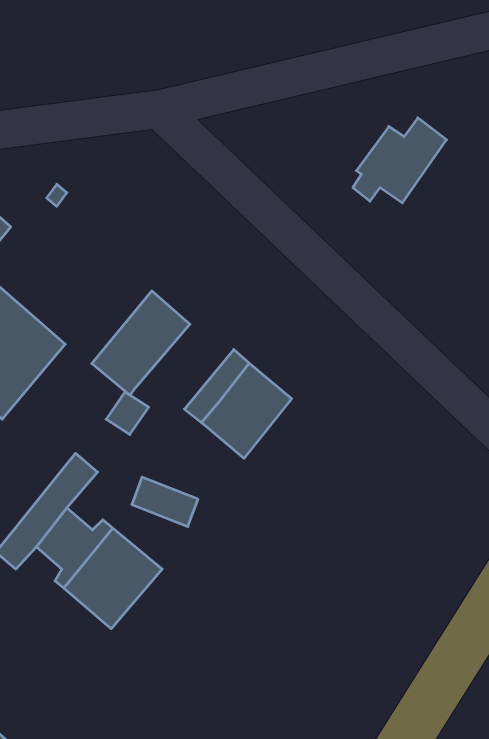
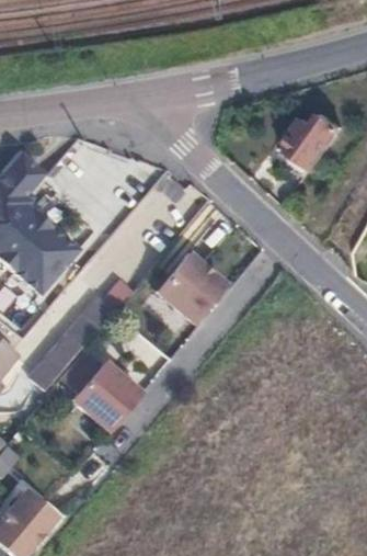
building: [92,291,190,395] -> none

